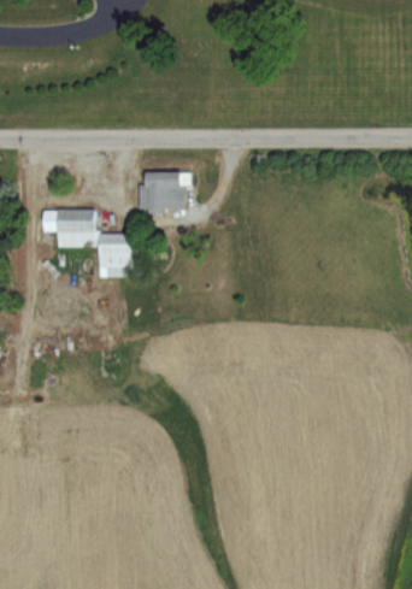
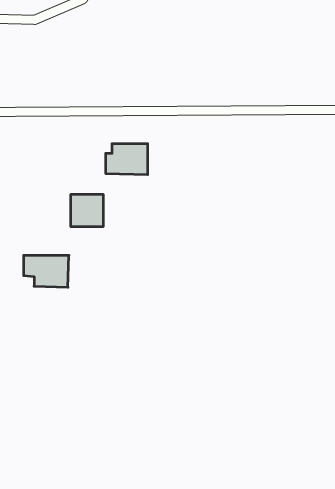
building: [43,210,95,246] -> [24,255,69,287]

